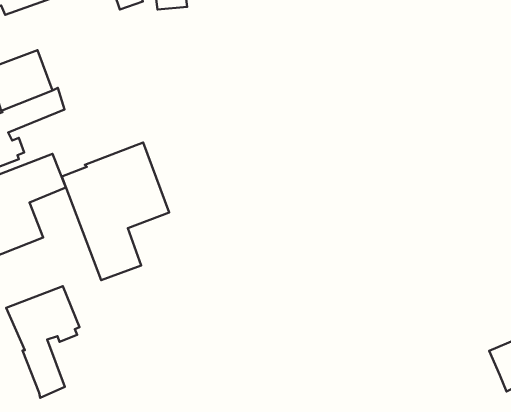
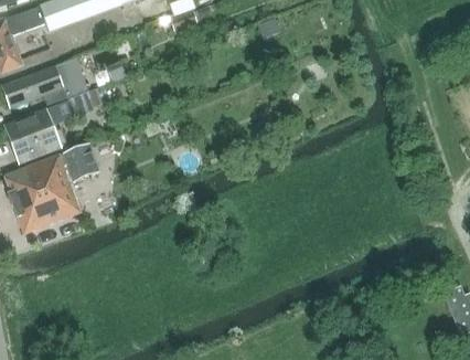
building: [62,142,169,280] -> none
building: [6,286,80,398] -> none

